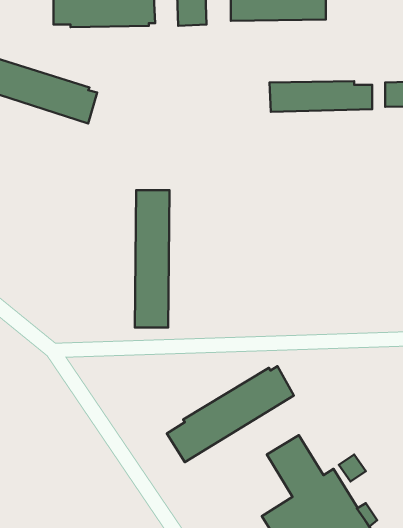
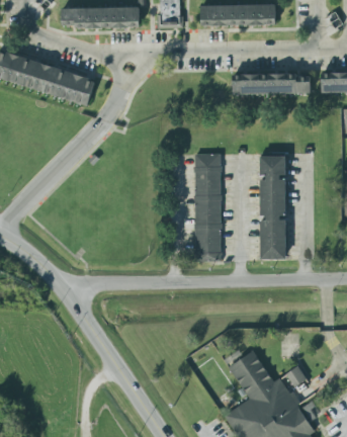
building: none -> [260,156,286,259]
building: [135,190,170,327] -> [194,154,222,262]
building: [167,366,294,462] -> none

